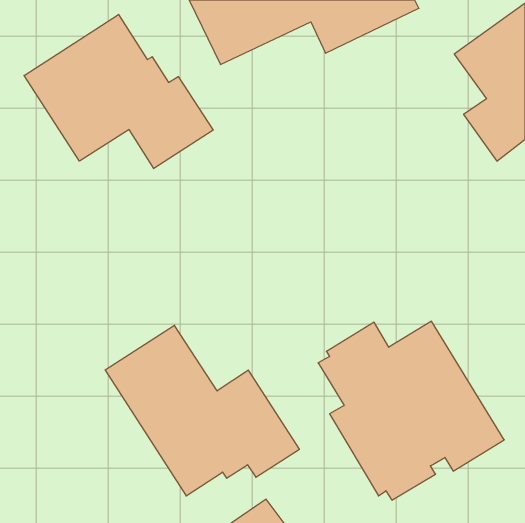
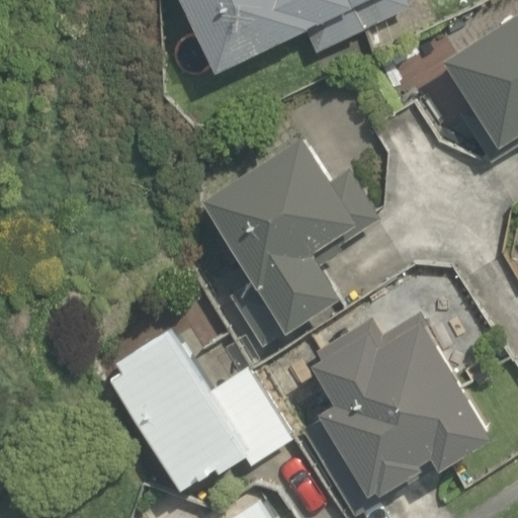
building: [24,14,213,169] -> none
building: none -> [201,135,379,355]

